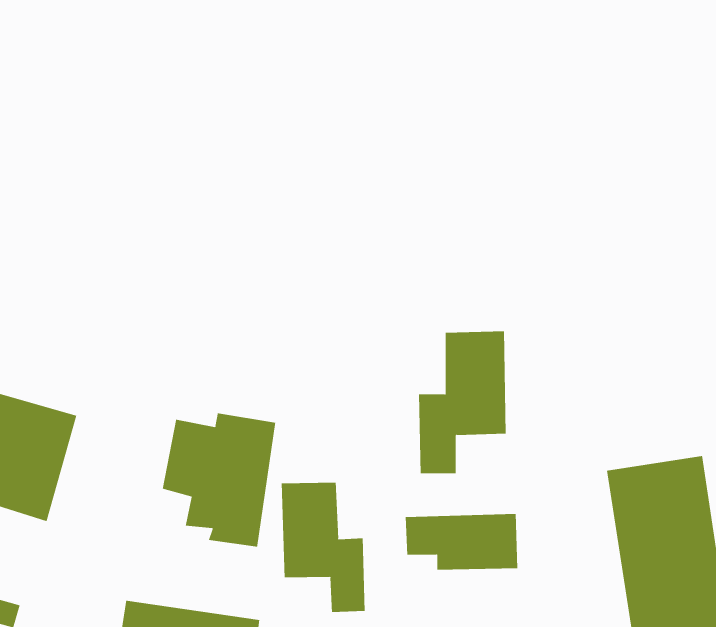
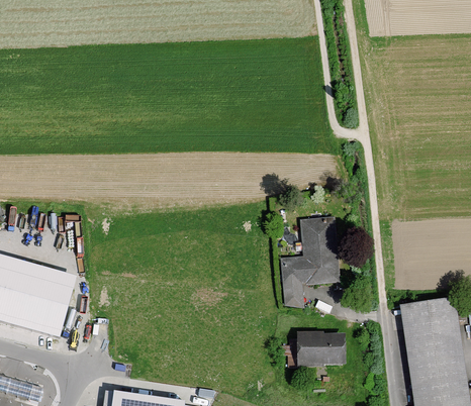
building: [162,413,276,548] -> none
building: [281,482,365,613] -> none

